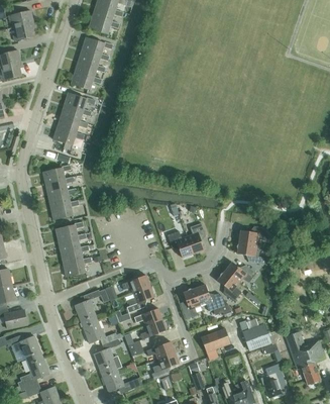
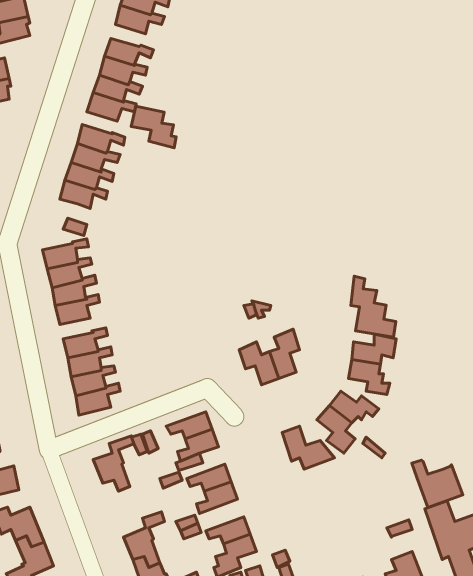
building: none -> [131,106,176,148]
building: none -> [351,276,396,337]
building: [182,288,201,319] -> none
building: [81,318,118,343] -> none
building: [239,320,271,350] -> [412,460,463,508]
building: [201,328,230,351] -> none

